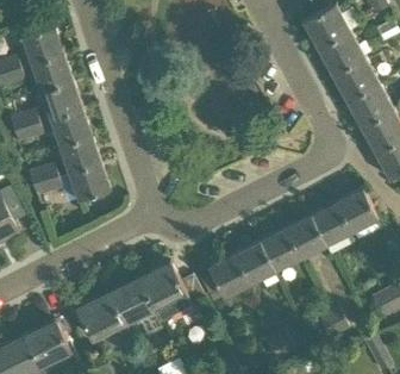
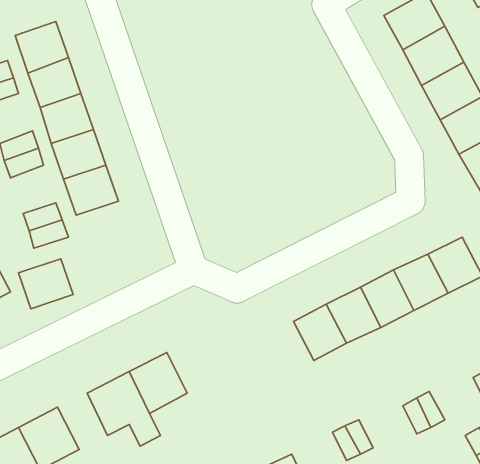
building: [68,163,110,201] -> [18,259,73,309]
building: [207,255,249,298] -> none
building: [137,262,202,324] -> none

